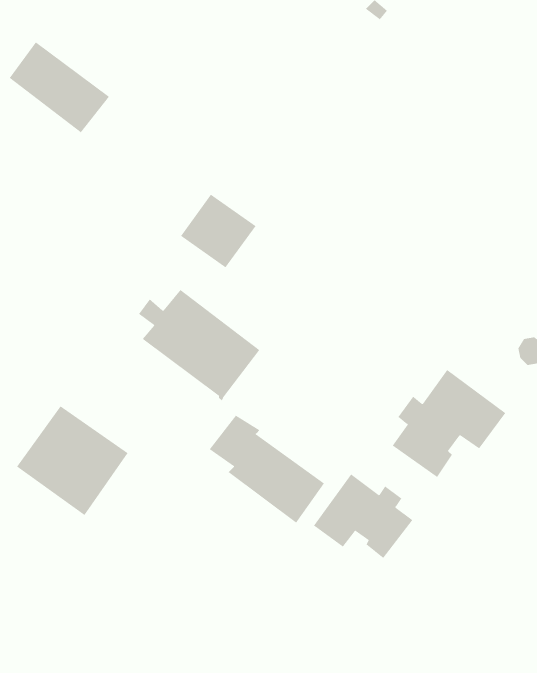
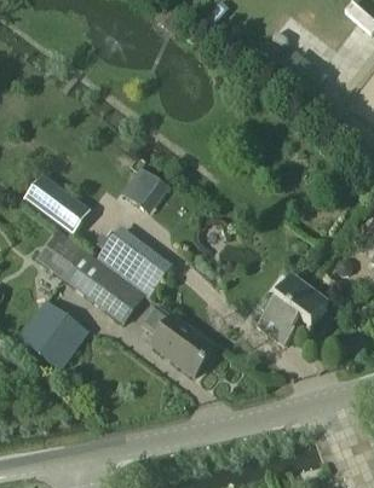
building: [9,42,110,133] -> [25,174,90,232]
building: none -> [36,230,145,323]
building: [313,474,413,559] -> none

